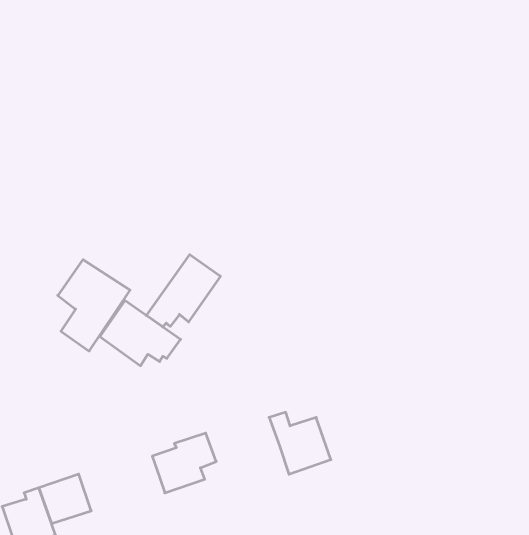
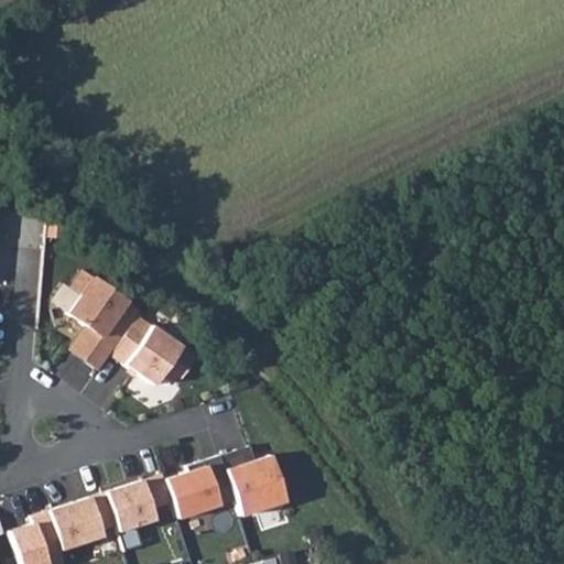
building: [146,255,220,327] -> none
building: [269,412,331,474] -> [224,451,289,516]
building: none -> [108,475,175,532]

